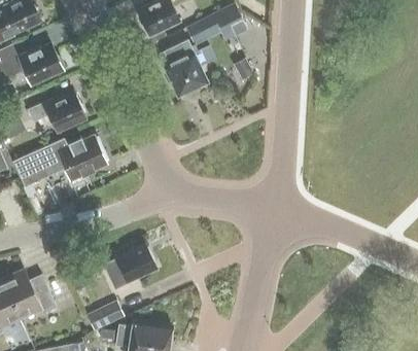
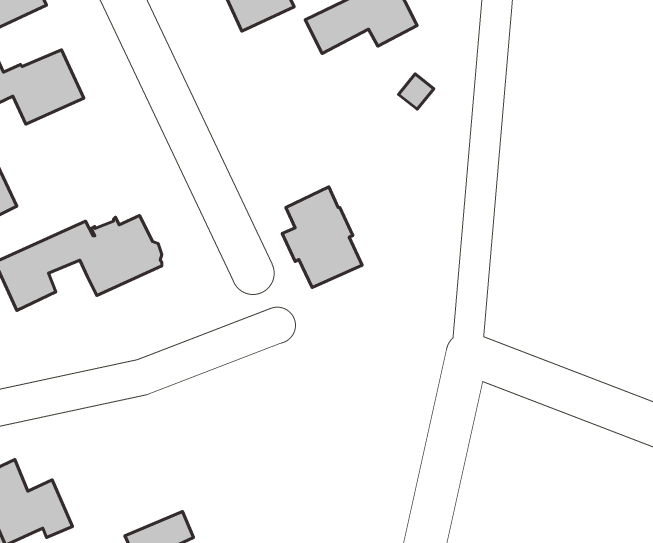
building: [162,39,206,95] -> [282,187,362,288]
building: [28,93,85,131] -> none
building: [103,244,156,282] -> none

